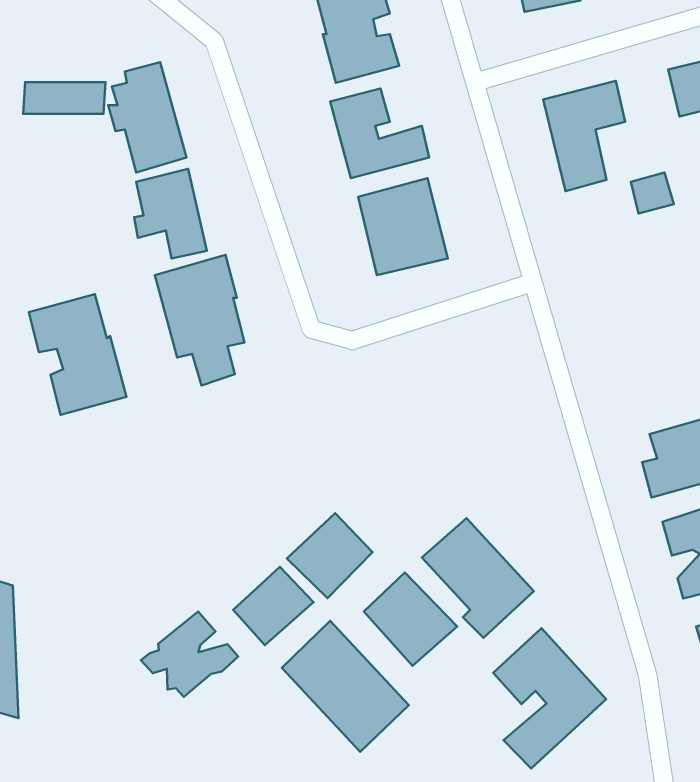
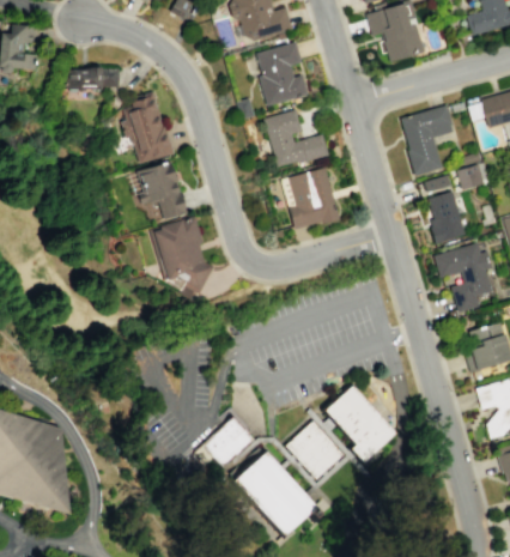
building: [23,82,105,114] -> [68,68,121,89]
building: none -> [423,175,466,243]
building: [29,294,127,415] -> none
building: none -> [435,243,496,313]
building: [287,513,373,598] -> none
building: [141,611,238,697] -> none
building: [493,628,606,769] -> none

